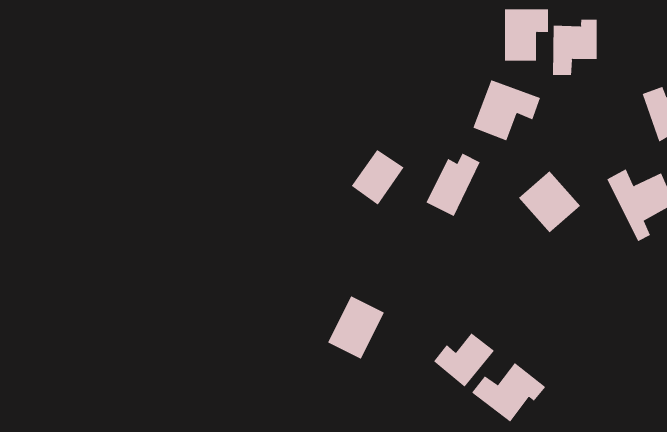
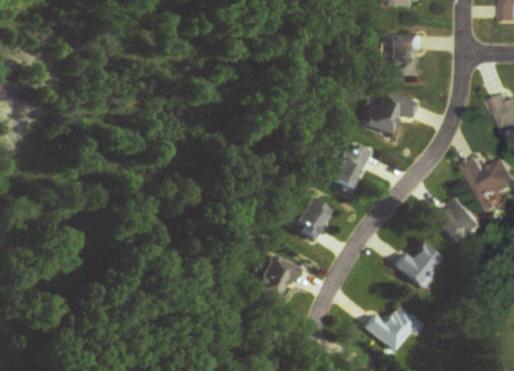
building: [553,19,597,76] -> none
building: [351,149,405,206] -> [289,197,330,240]
building: [518,170,581,233] -> [433,197,481,245]
building: [433,332,495,387] -> [392,244,439,286]

